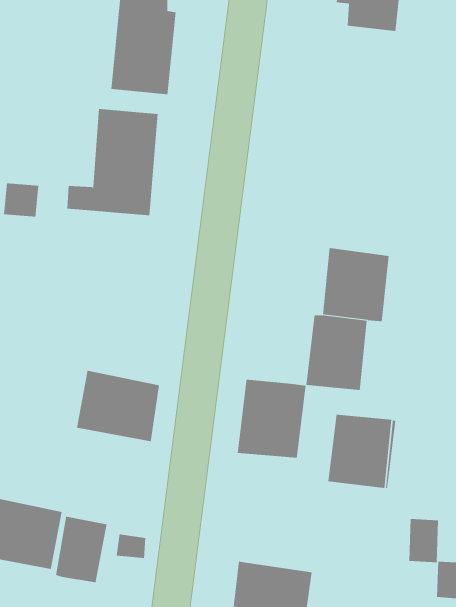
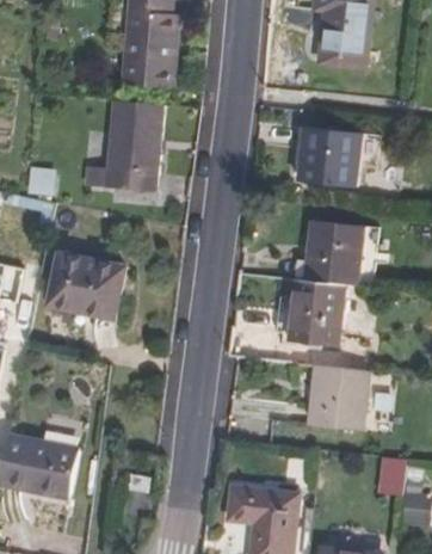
building: none -> [322,27,369,63]
building: none -> [300,124,360,183]
building: [76,370,160,442] -> [49,253,122,315]
building: [237,379,306,459] -> none
building: [56,516,107,583] -> none

